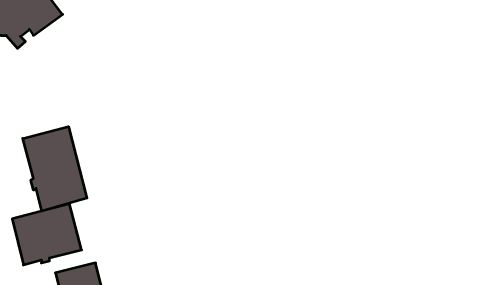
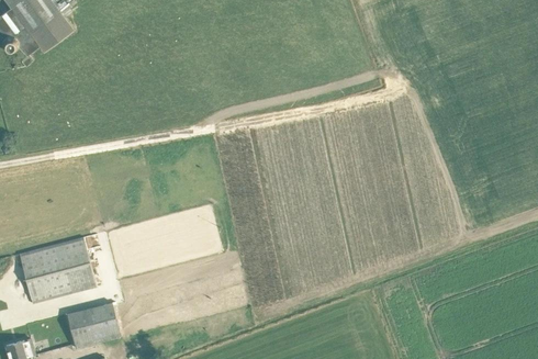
building: [23,127,87,211] -> none

